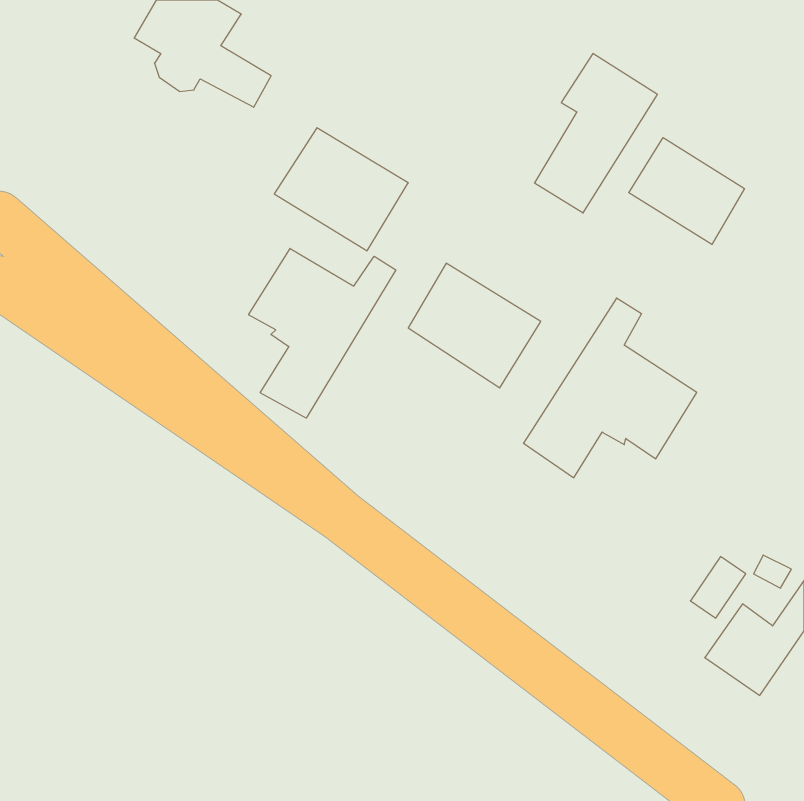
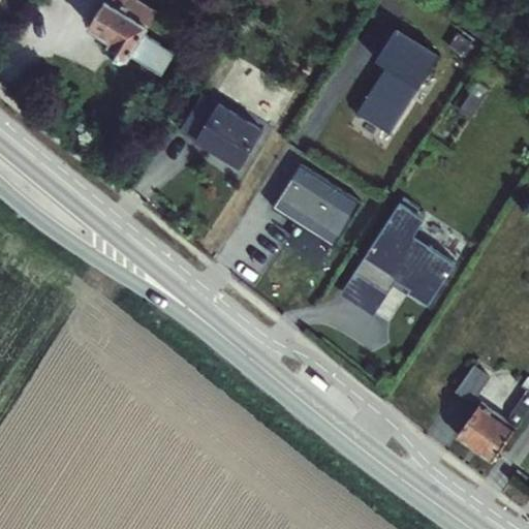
building: [629,138,745,244] -> none
building: [249,248,396,418] -> none

